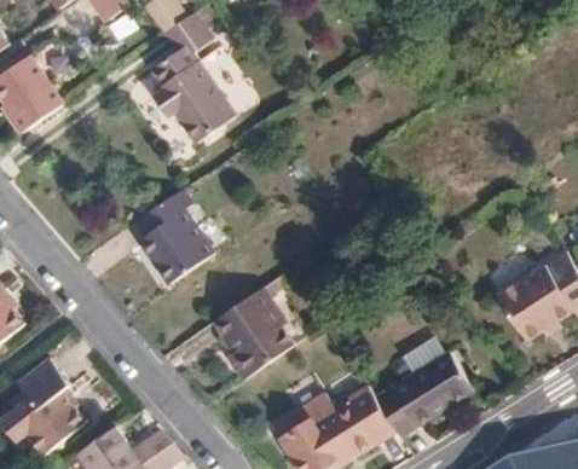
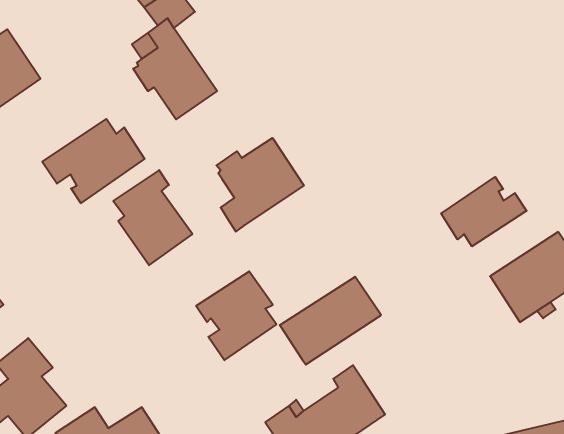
building: none -> [42,119,145,203]
building: none -> [216,138,304,232]
building: none -> [441,177,527,246]
building: [376,349,475,435] -> [280,277,381,365]

